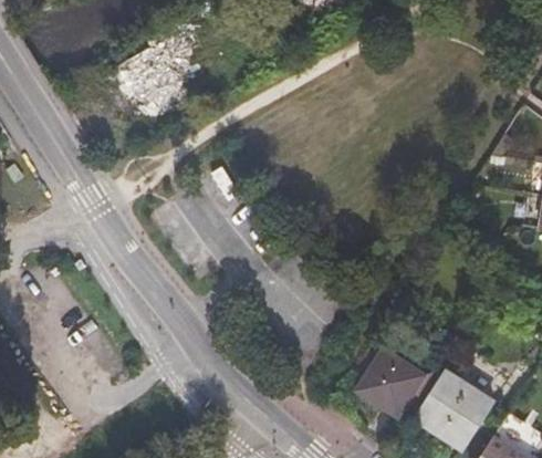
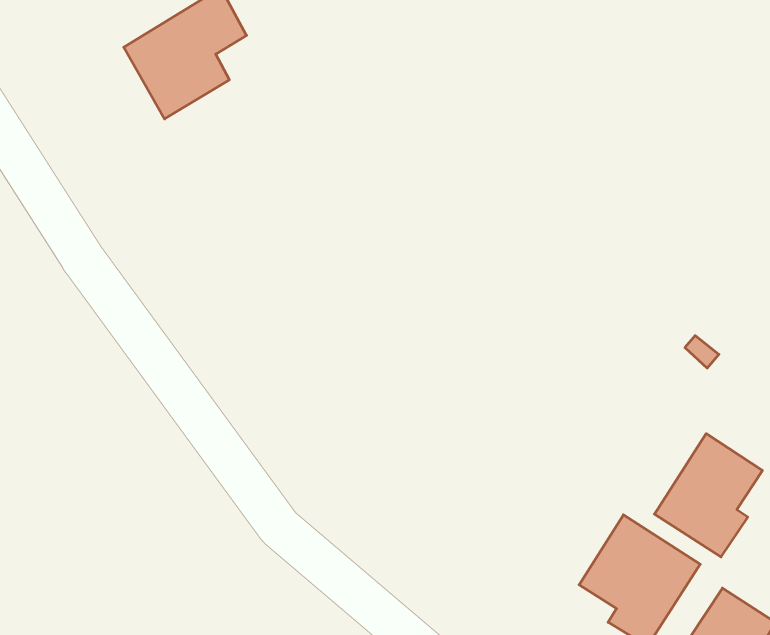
building: none -> [654,434,762,557]
building: [359,351,426,418] -> none

